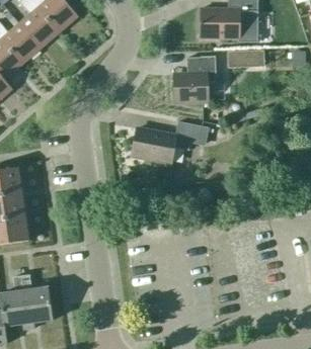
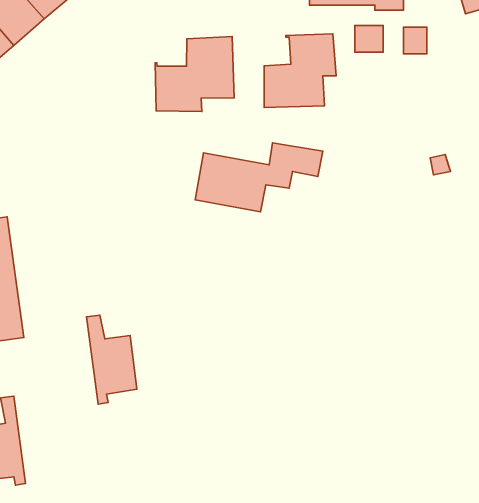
building: none -> [155,36,234,112]
building: [22,273,53,327] -> [86,315,137,404]

